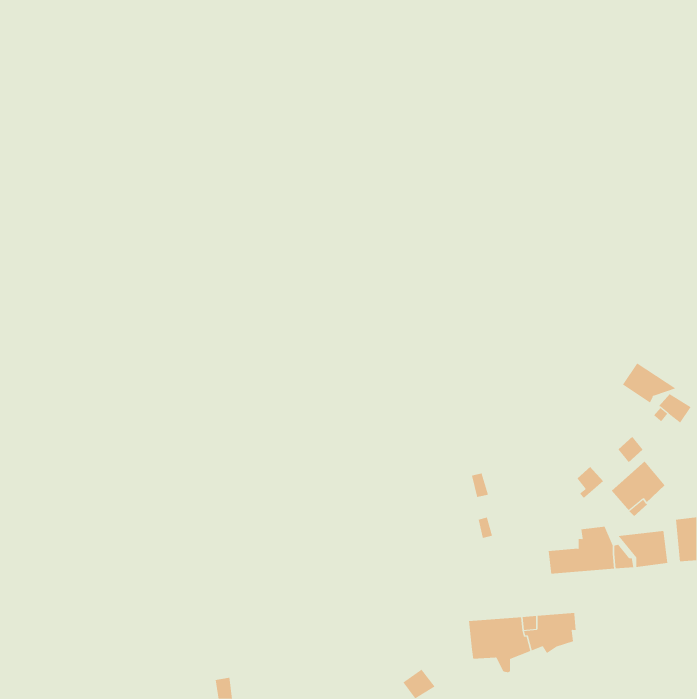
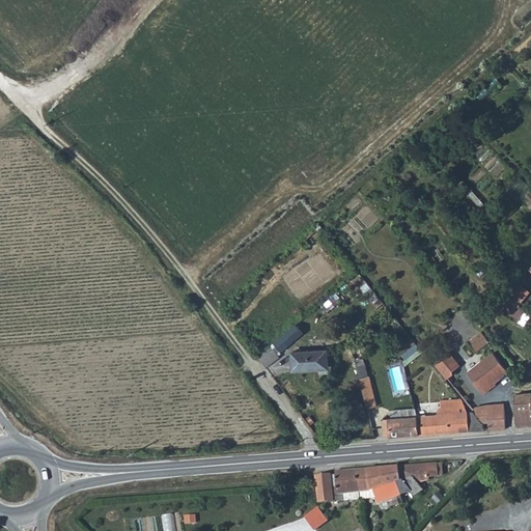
building: [622,362,677,404] -> none
building: none -> [290,345,333,372]
building: none -> [380,417,417,437]
building: none -> [316,470,357,502]

